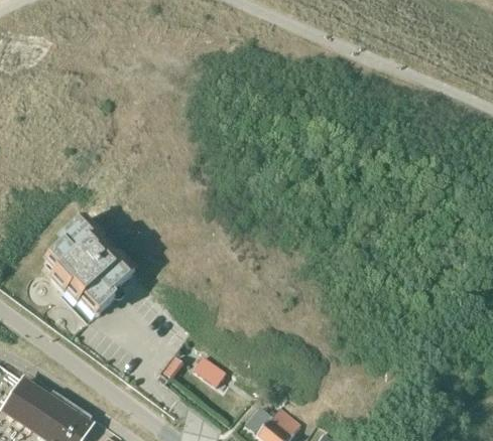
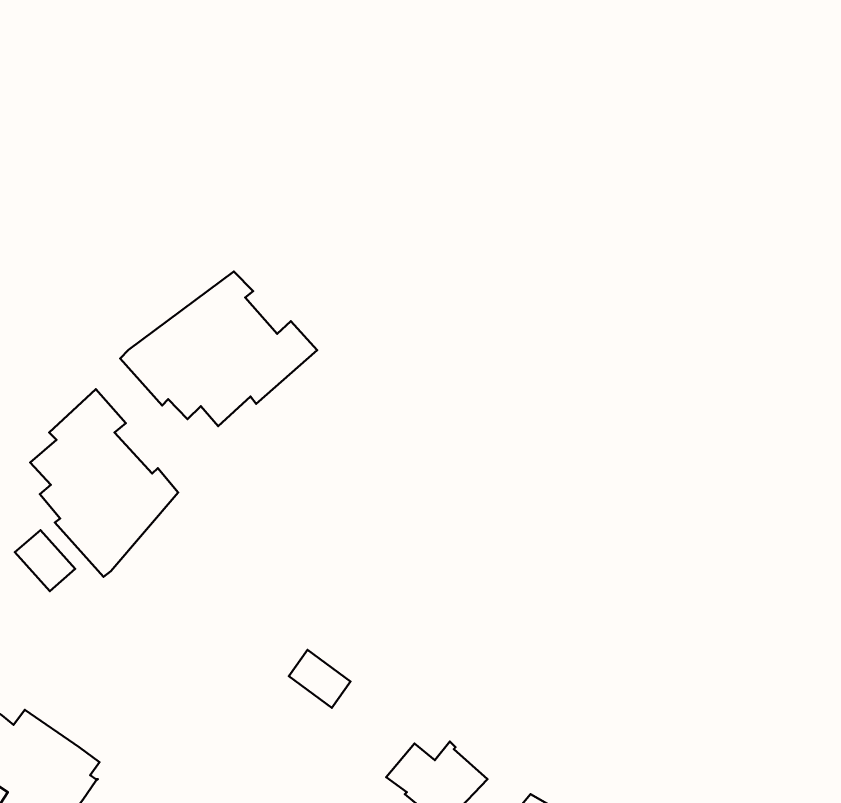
building: none -> [120,271,317,426]
building: none -> [15,530,75,591]

